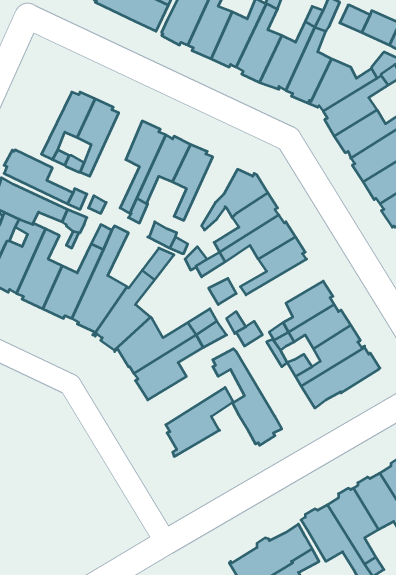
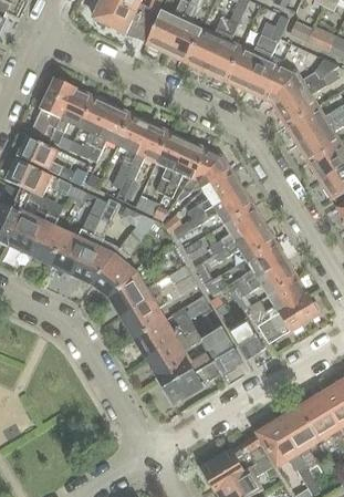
building: none -> [31,76,75,139]
building: none -> [88,106,131,161]
building: none -> [164,142,208,197]
building: none -> [213,224,275,261]
building: none -> [216,303,264,358]
building: none -> [135,307,197,356]
building: none -> [158,349,215,402]

